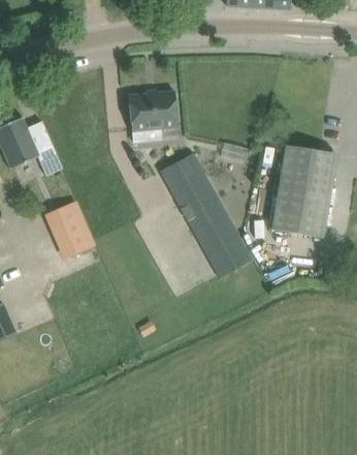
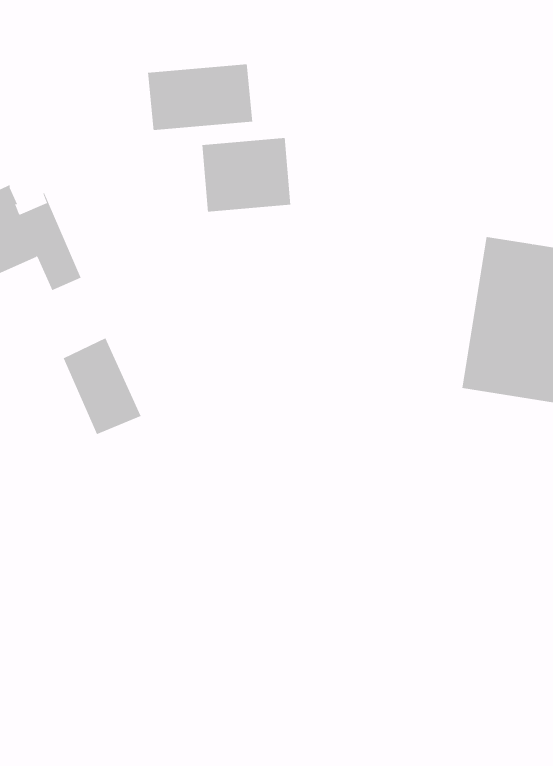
building: none -> [147,63,253,131]
building: [160,153,251,274] -> none

